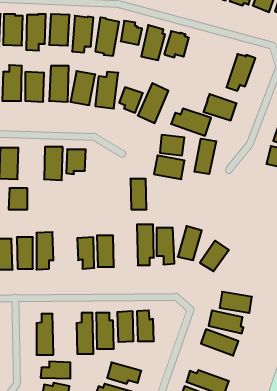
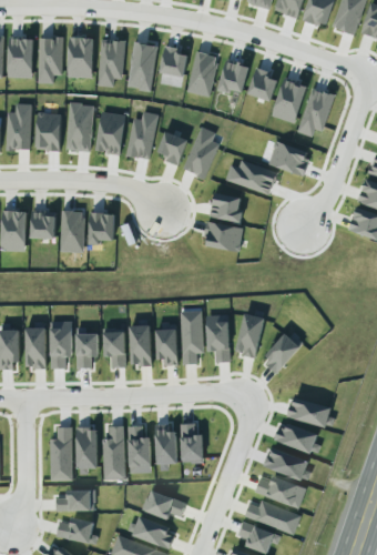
building: none -> [247,68,277,102]
building: none -> [272,78,307,123]
building: [194,139,216,174] -> none
building: [130,179,147,209] -> [156,326,177,366]
building: [9,188,27,209] -> [30,211,54,239]
building: none -> [75,327,98,369]
building: none -> [75,427,98,474]
building: none -> [255,475,305,506]

